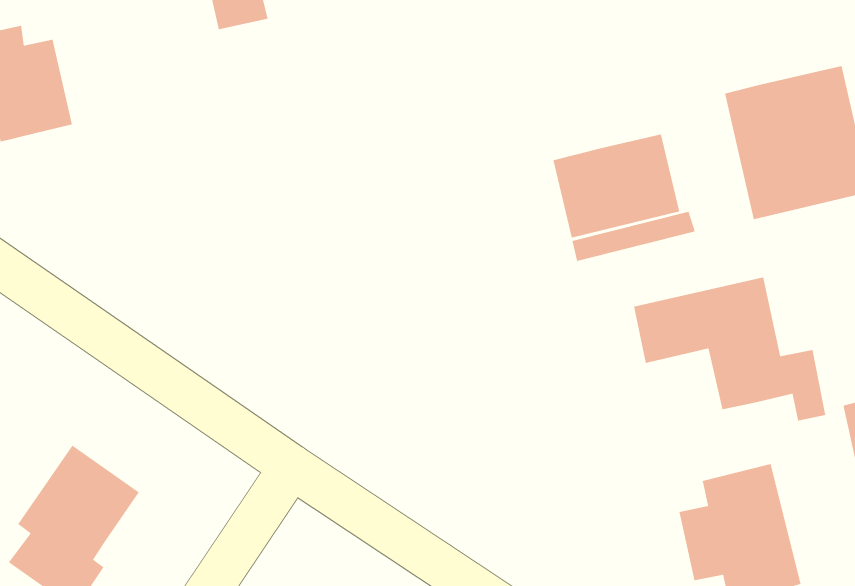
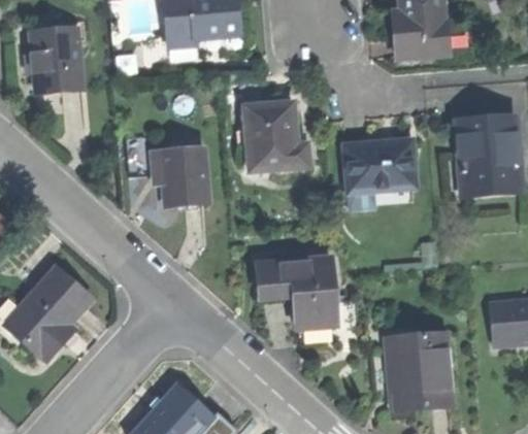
building: none -> [245,102,310,172]
building: none -> [152,146,208,204]
building: [633,277,826,422] -> [259,258,358,341]

